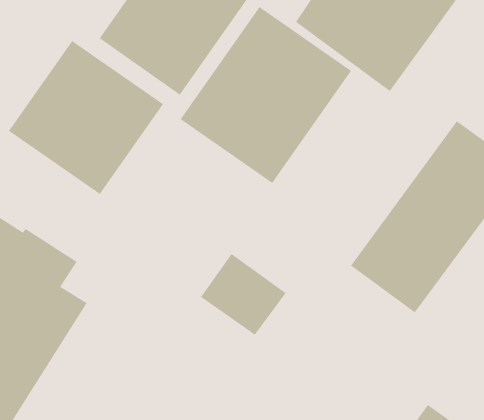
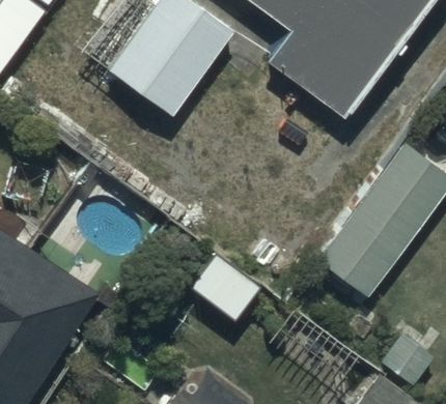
building: [180,6,352,184] -> none
building: [8,40,164,195] -> none

